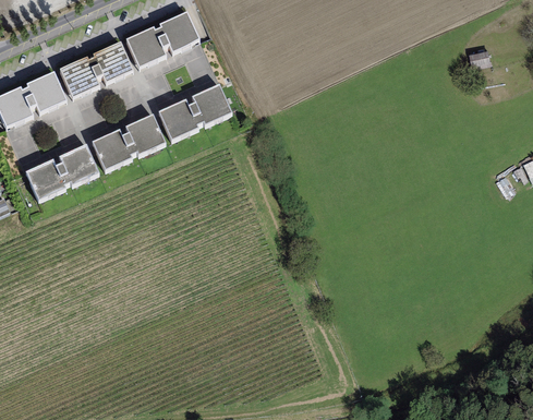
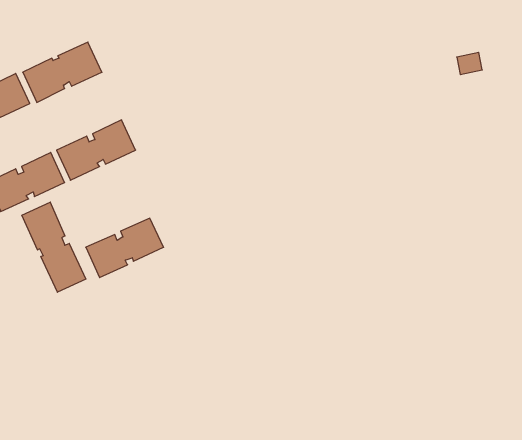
building: [125,11,198,67] -> none
building: [158,84,231,140] -> [86,218,164,278]
building: none -> [22,202,86,292]

